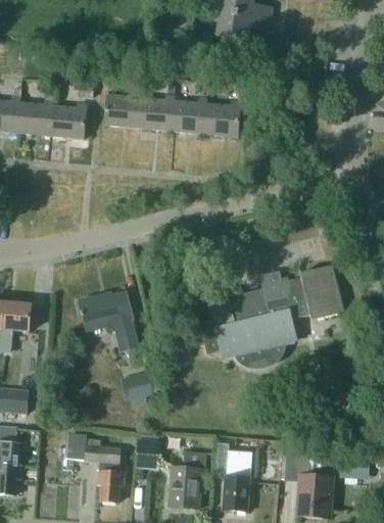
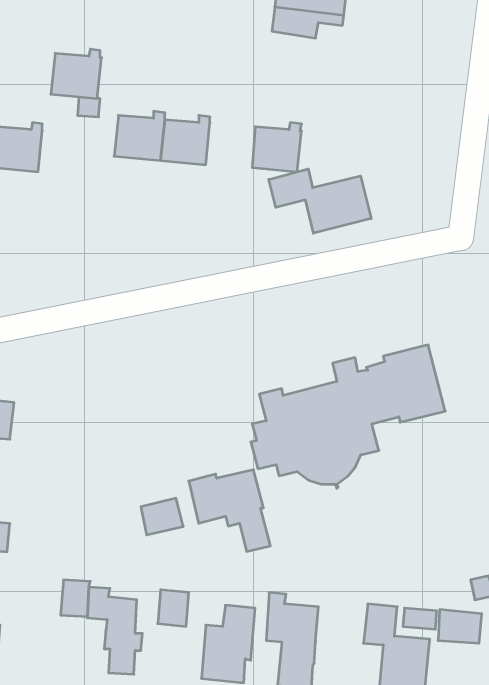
building: [171,99,206,134] -> none
building: [49,104,86,140] -> [51,49,102,98]
building: none -> [269,169,371,233]
building: [80,292,139,351] -> [189,470,270,551]

